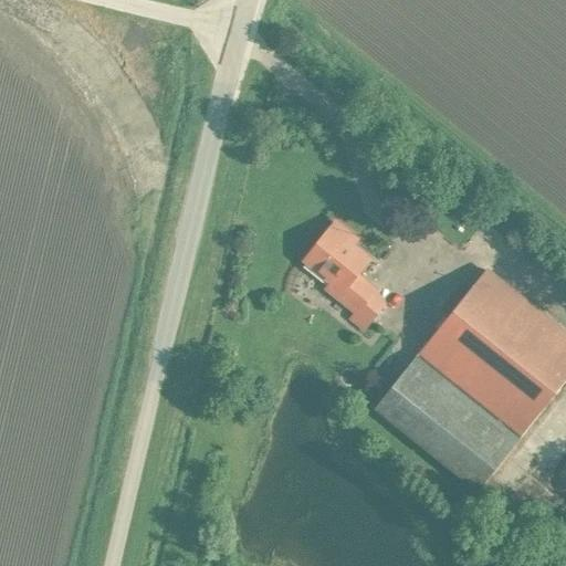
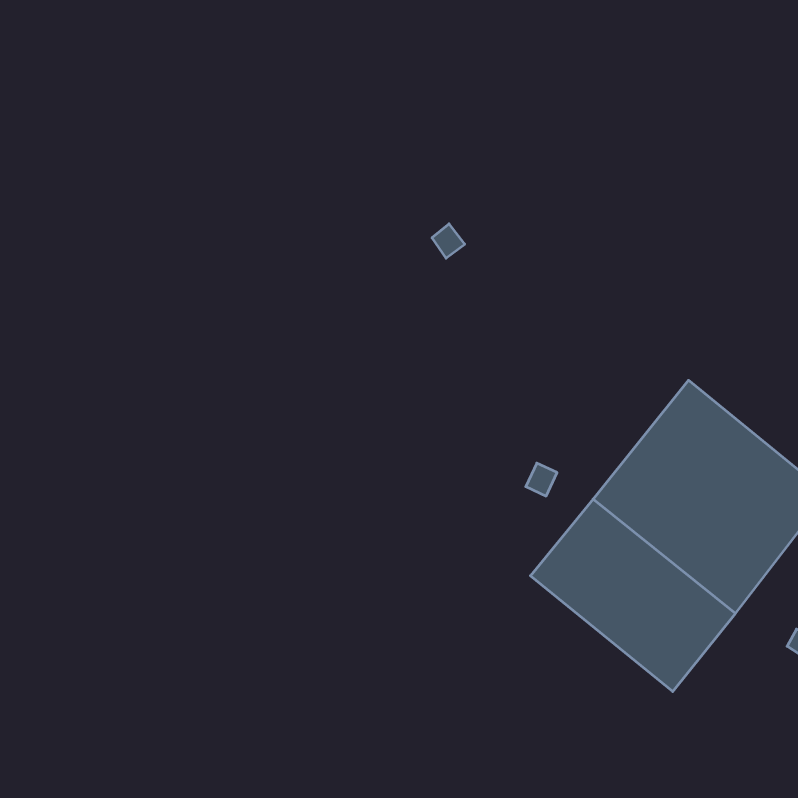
building: [305,221,384,329] -> none

